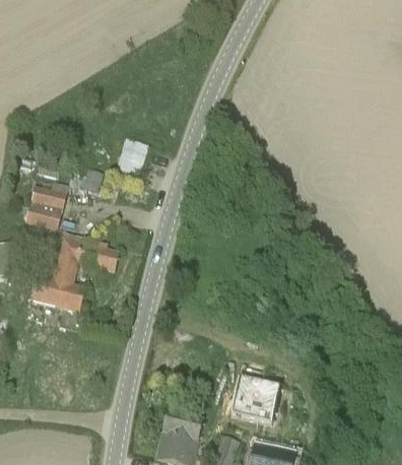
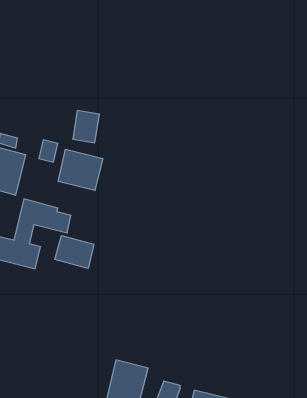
building: none -> [58,149,103,191]
building: none -> [55,236,94,268]
building: [228,368,279,424] -> none

